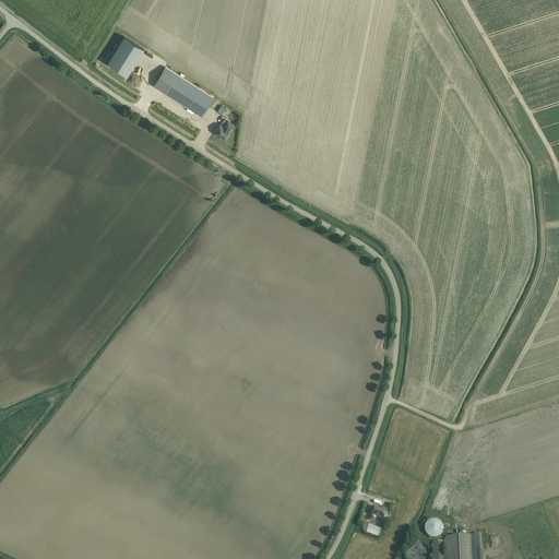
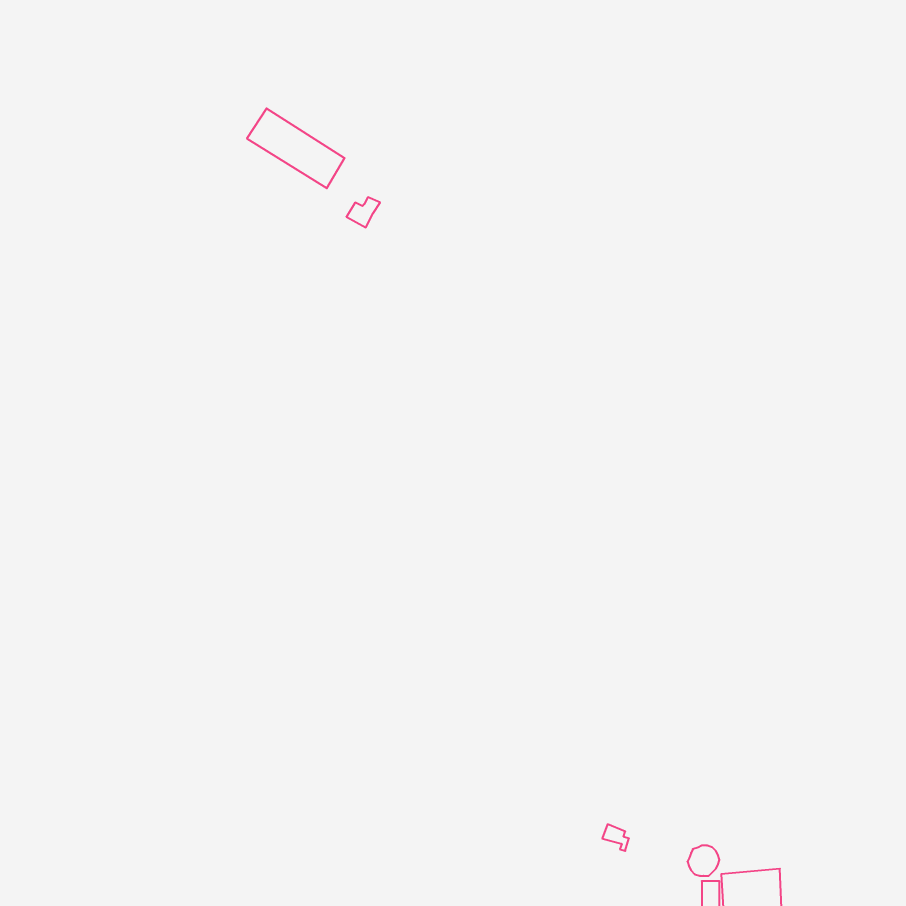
building: [107,37,143,75] -> none

